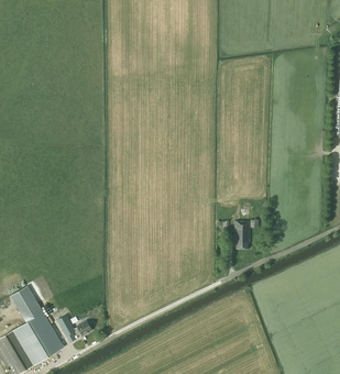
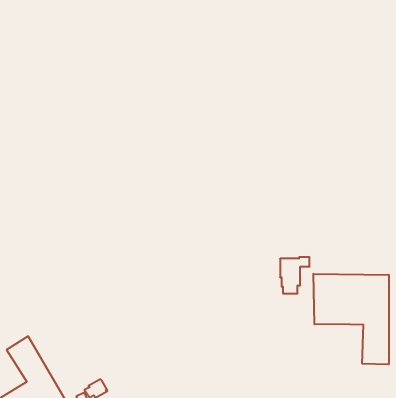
building: none -> [313,274,389,364]

